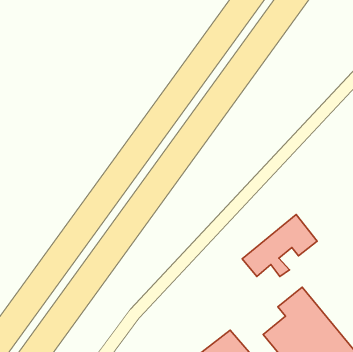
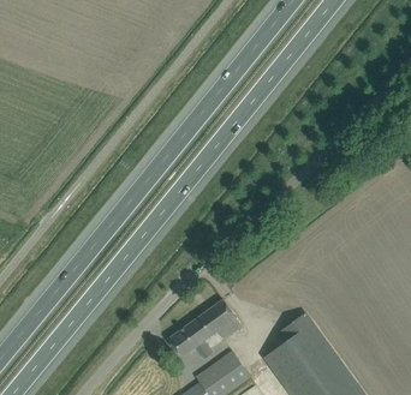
building: [242,214,317,276] -> [168,298,243,358]

